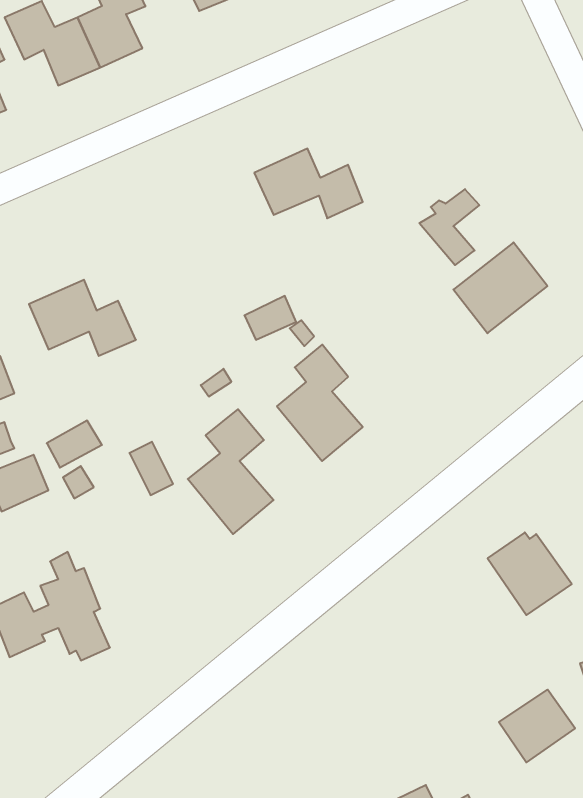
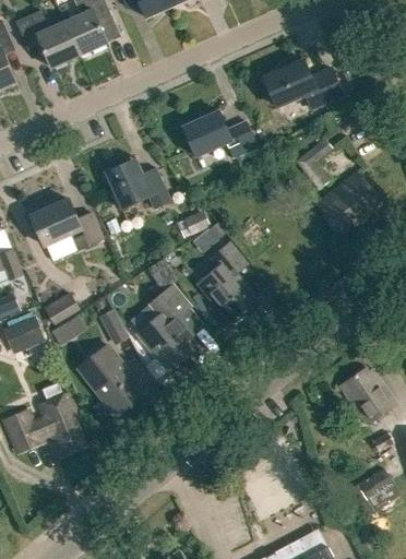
building: none -> [263,58,343,106]
building: none -> [104,156,170,209]
building: none -> [77,344,144,415]

